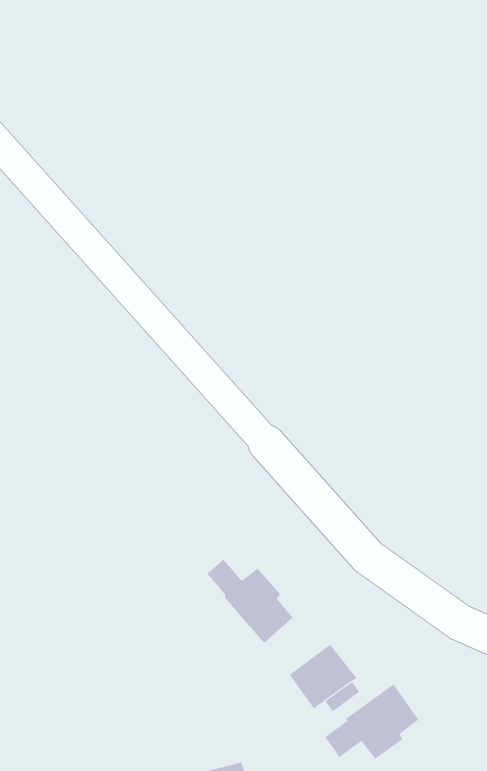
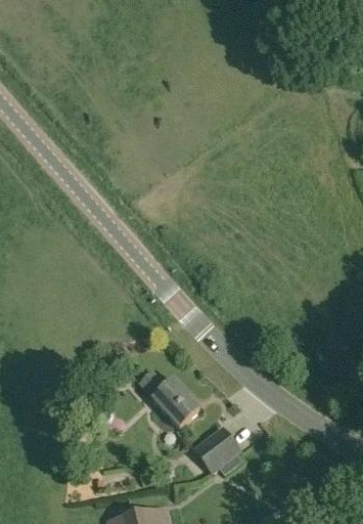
building: [324,683,419,759] -> none

